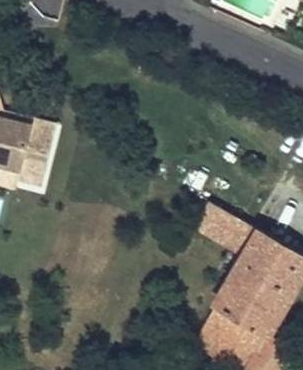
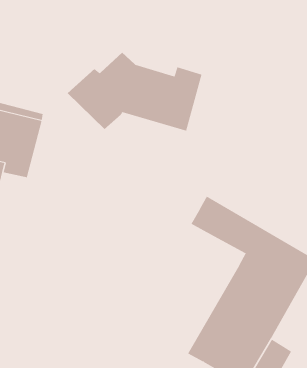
building: none -> [67,52,202,131]

